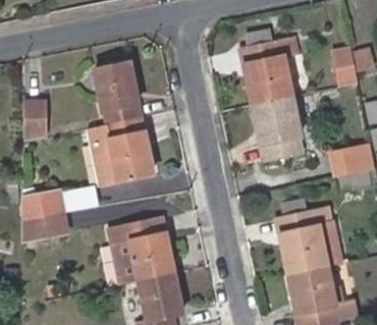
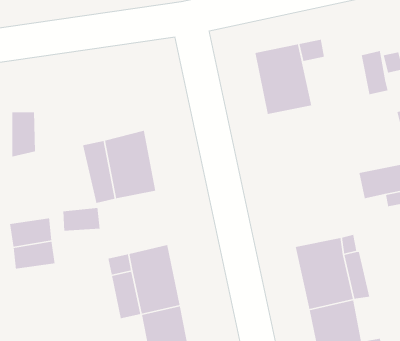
building: [94,61,142,125] -> none
building: [250,95,301,158] -> none

